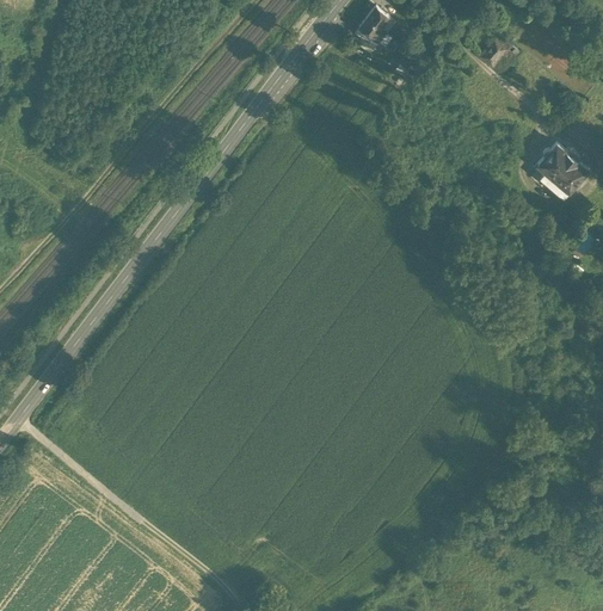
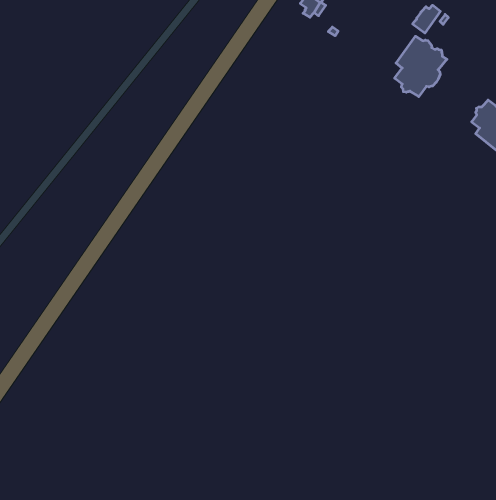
building: none -> [395,36,447,97]

